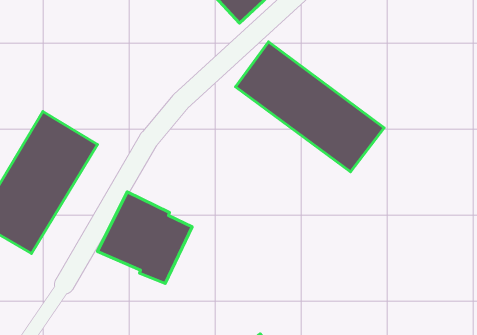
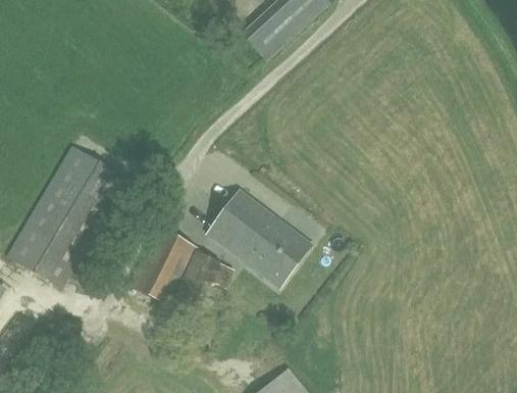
building: [235,42,384,172] -> none
building: none -> [206,189,310,286]

